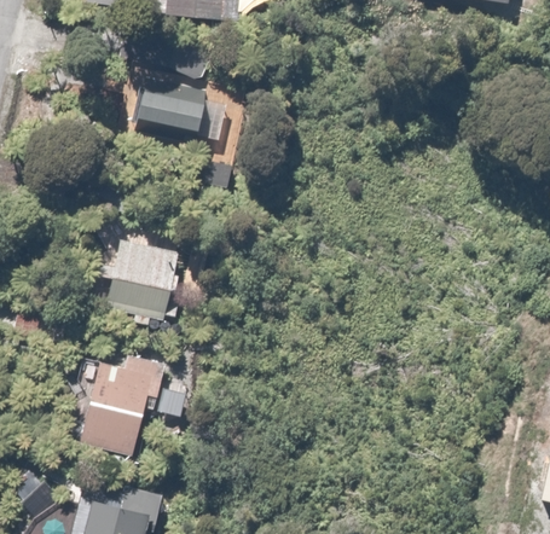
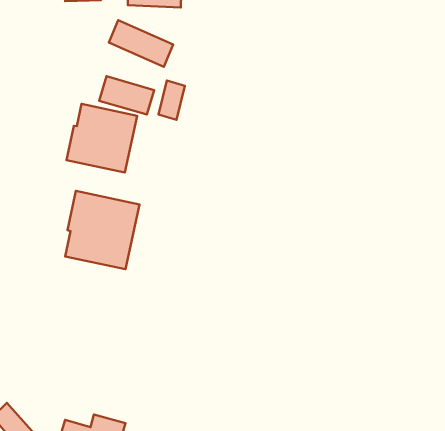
building: none -> [66,104,137,172]
building: [83,353,163,459] -> none

